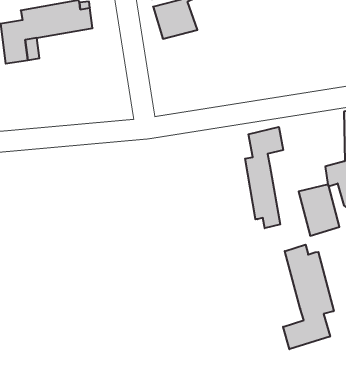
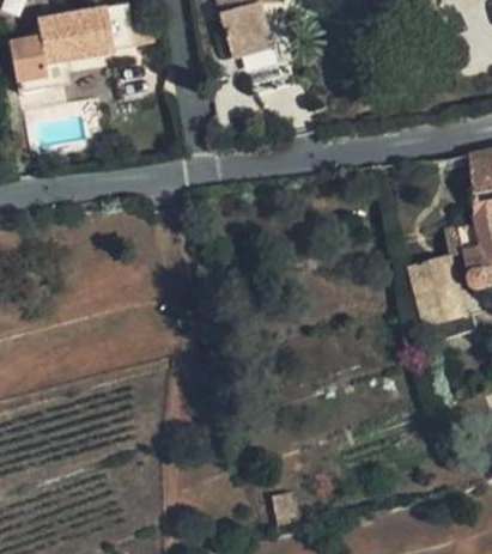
building: [245,127,283,228] -> none
building: [283,245,334,349] -> none

